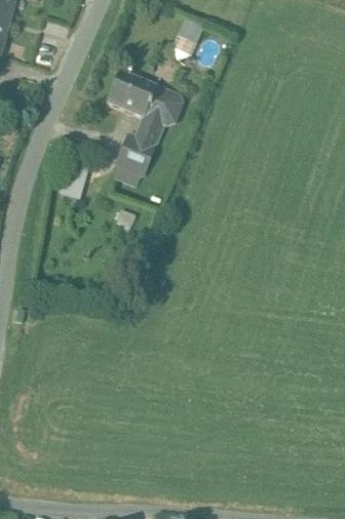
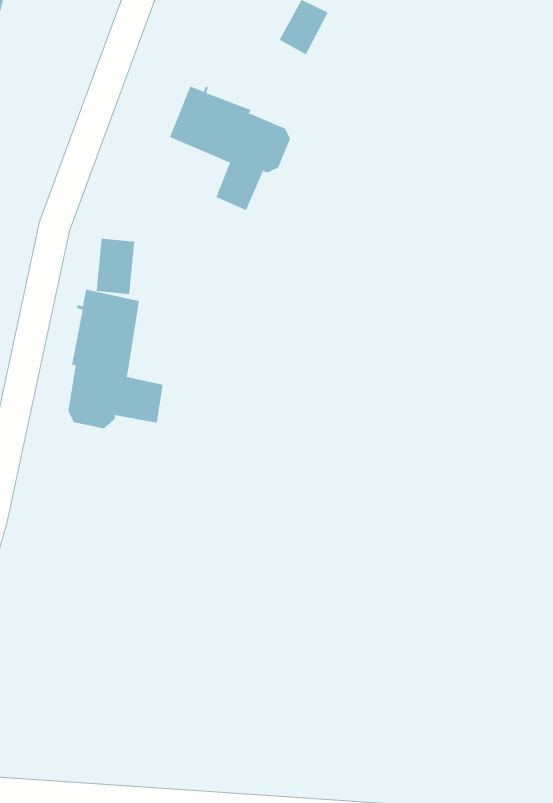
building: [118,135,154,172] -> none
building: none -> [68,289,163,429]

